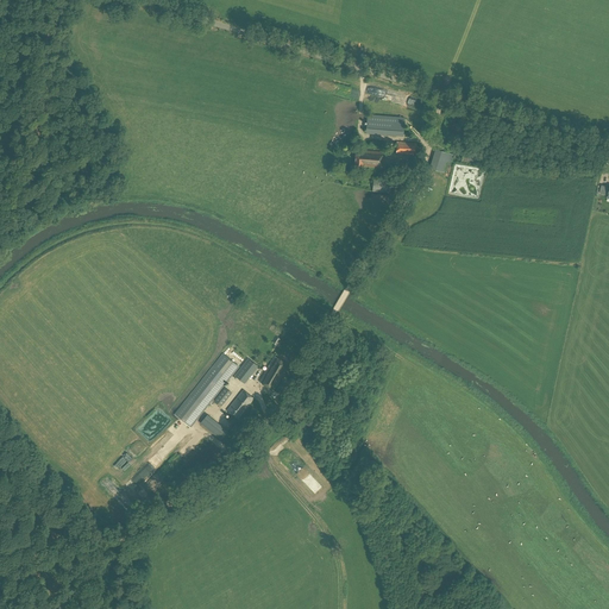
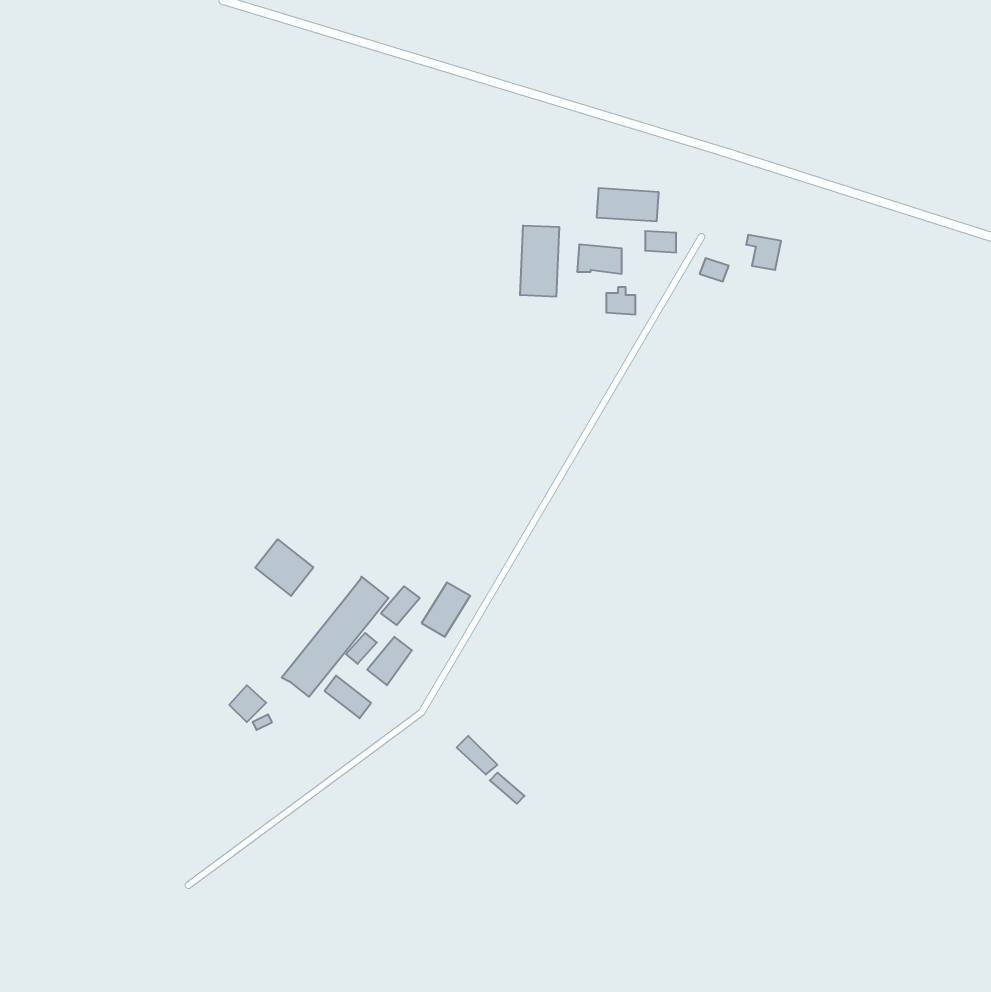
building: none -> [520,225,559,297]
building: none -> [255,539,313,596]

